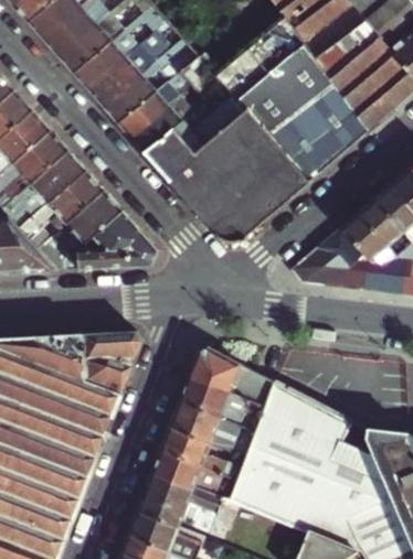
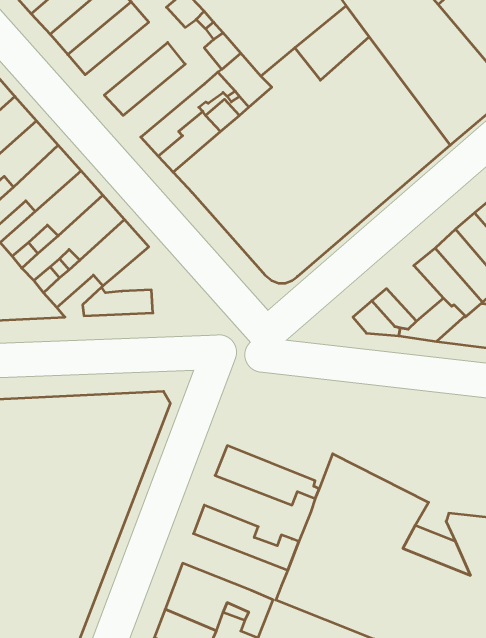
building: [73,30,140,89] -> none
building: [104,64,170,123] -> none
building: [94,213,159,267] -> none
building: [319,228,366,273] -> none
building: [189,346,275,410] -> none
building: [170,399,257,453] -> none
building: [152,447,239,493] -> none

